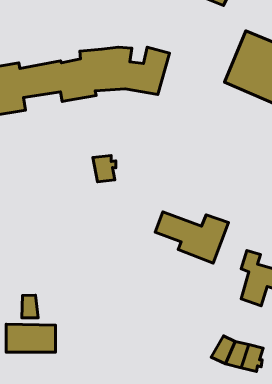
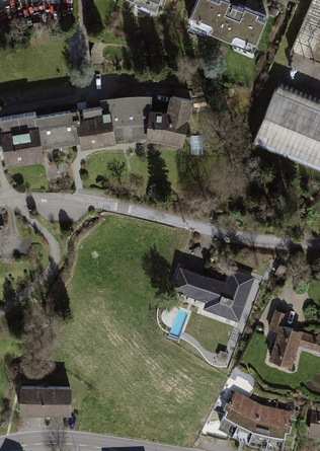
building: [93,155,116,182] -> none
building: [22,295,38,318] -> none
building: none -> [223,393,250,422]

